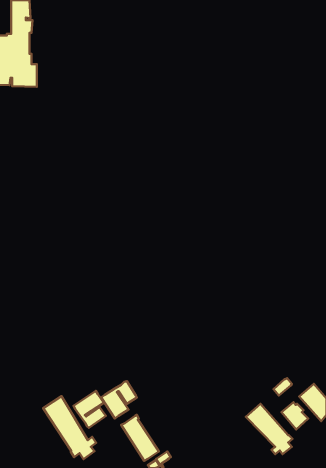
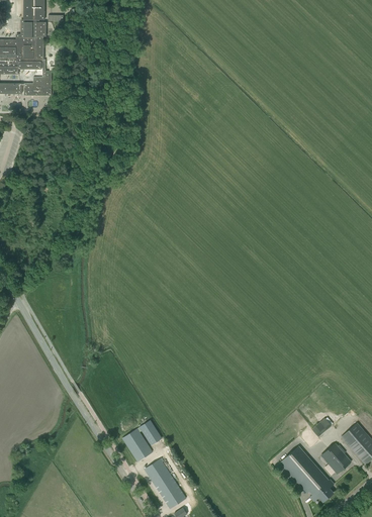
building: [74,391,106,428] -> none
building: [43,396,96,459] -> none

